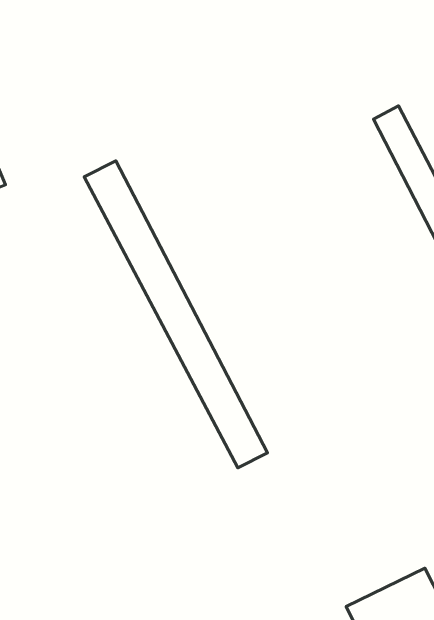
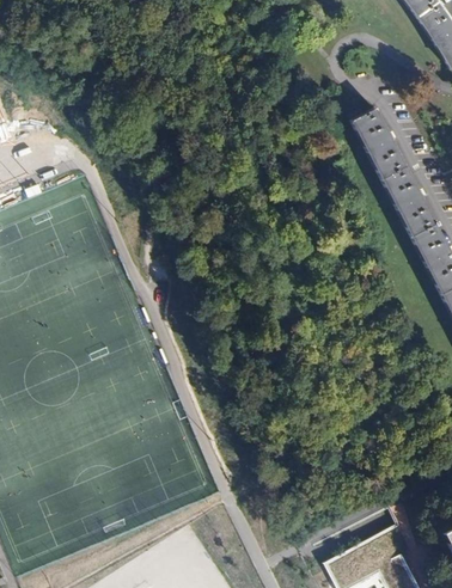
building: [84,161,268,468] -> none

